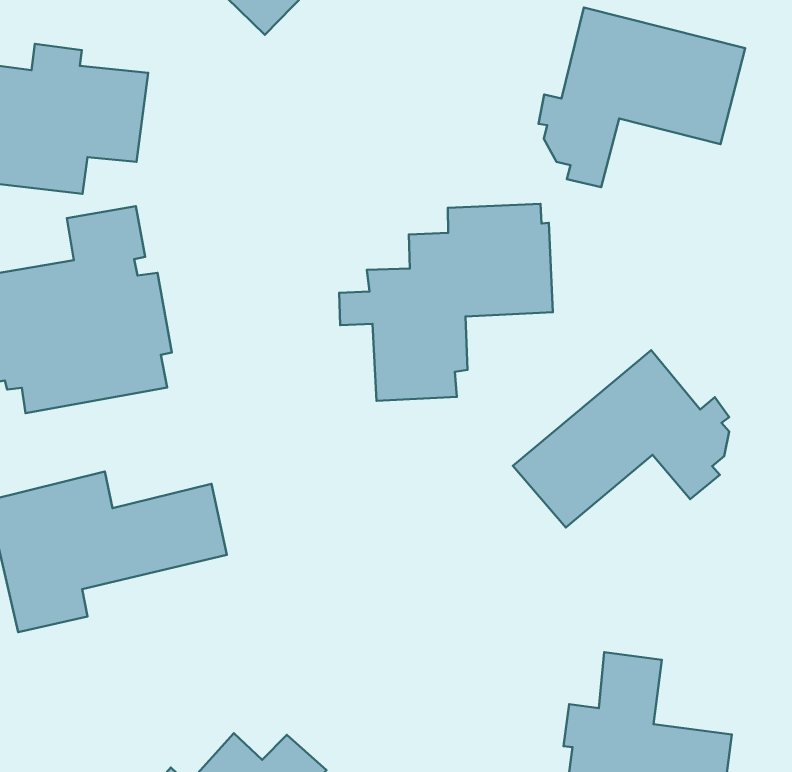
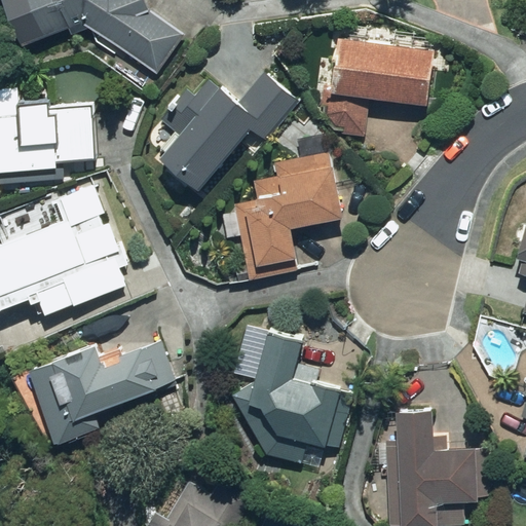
building: none -> [154,73,281,179]
building: [513,350,729,528] -> none
building: none -> [228,327,346,465]

